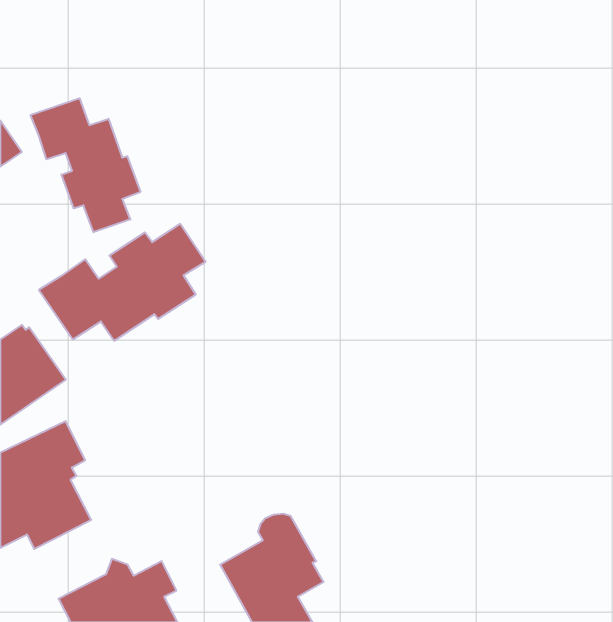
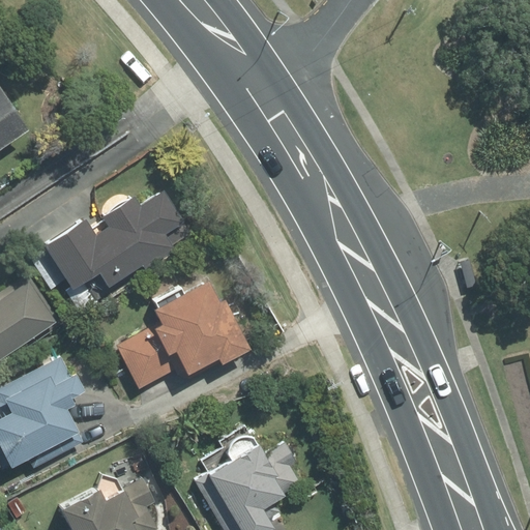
building: [31,98,140,232] -> none
building: none -> [119,281,248,386]

